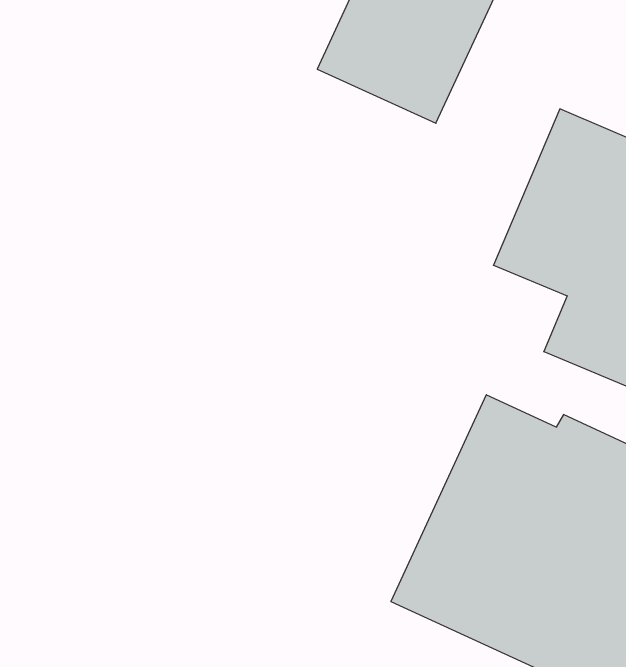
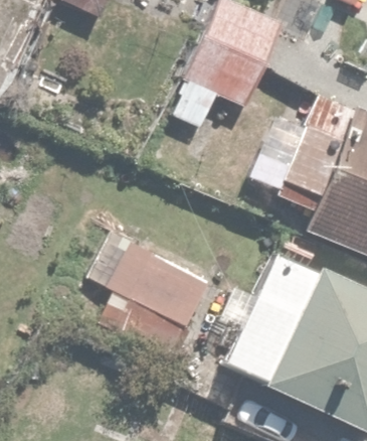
building: none -> [85,225,214,364]

